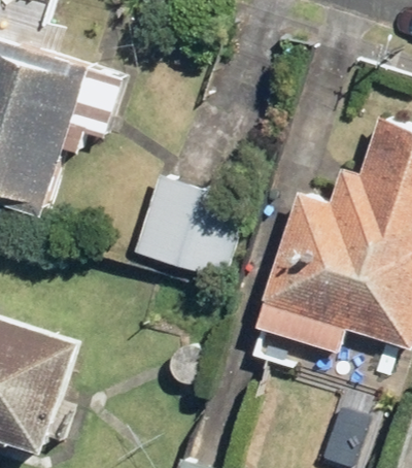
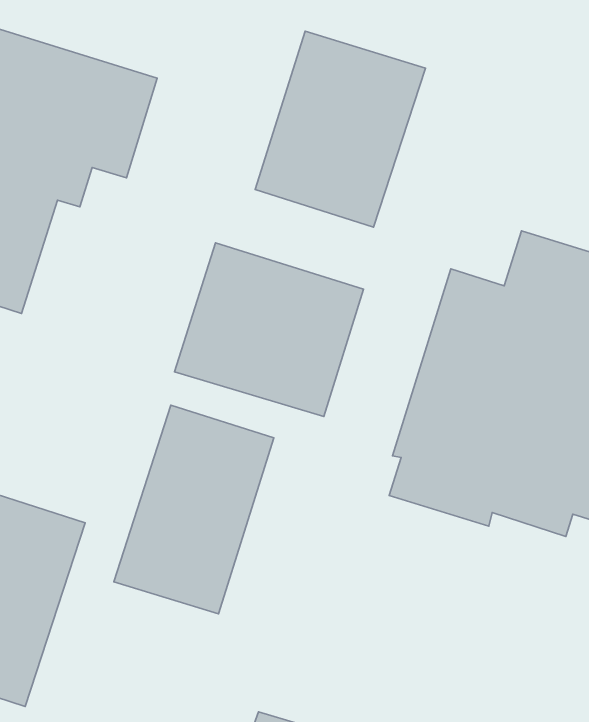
building: none -> [255,31,425,227]
building: none -> [114,405,274,614]

